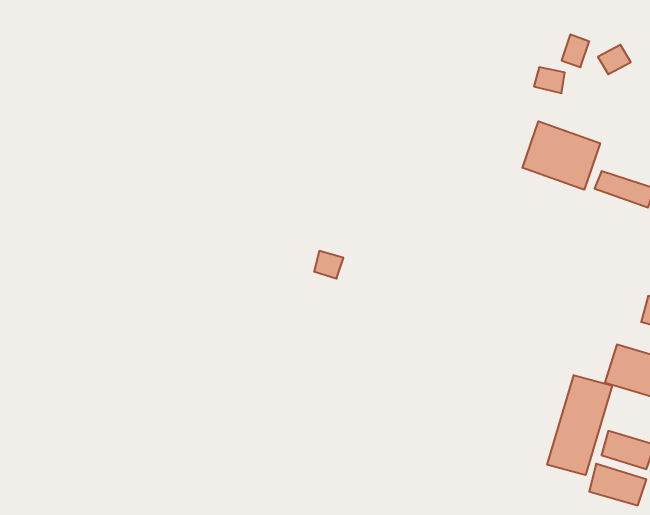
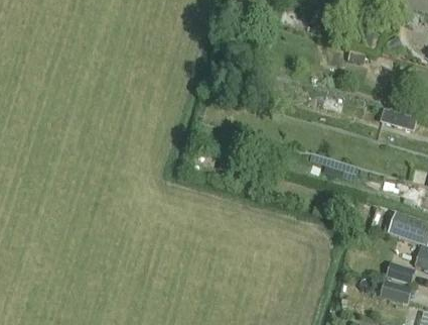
building: [523,121,600,190] -> none
building: [547,375,612,475] -> none

